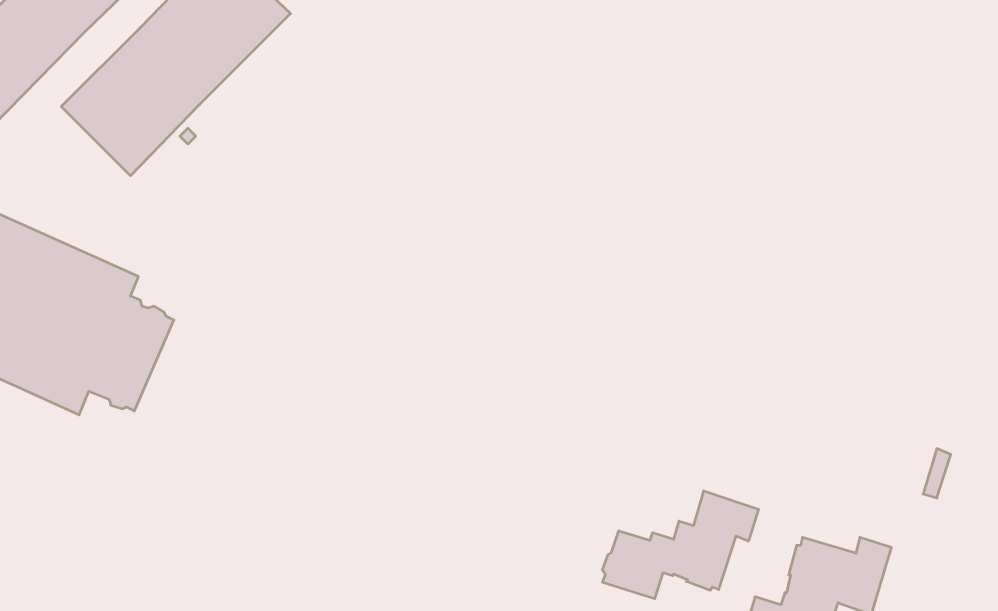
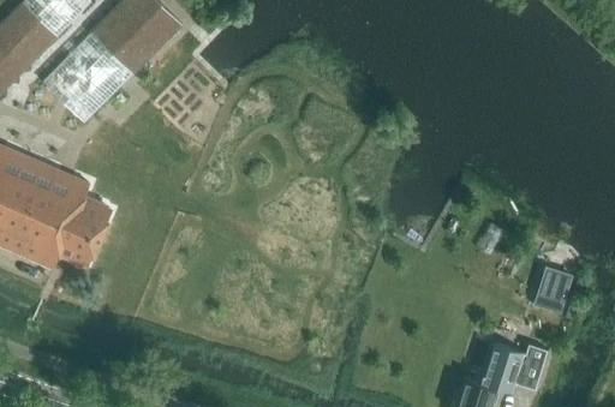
building: none -> [533,279,569,313]
building: [602,491,758,599] -> none

